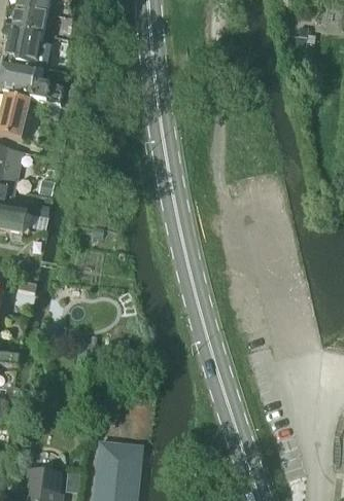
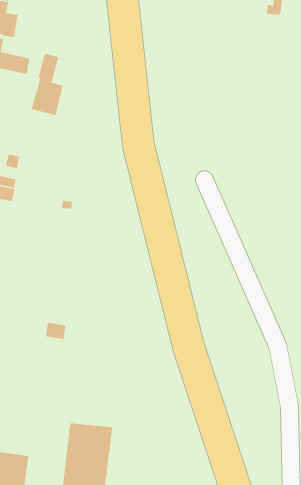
building: none -> [31,52,63,116]

